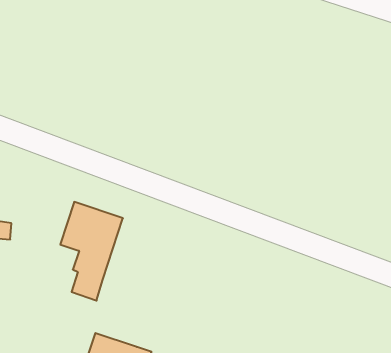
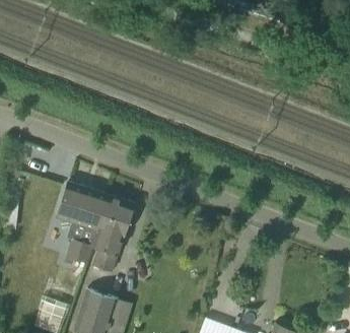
building: none -> [92,197,134,272]

